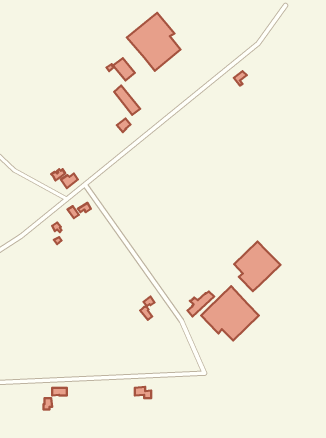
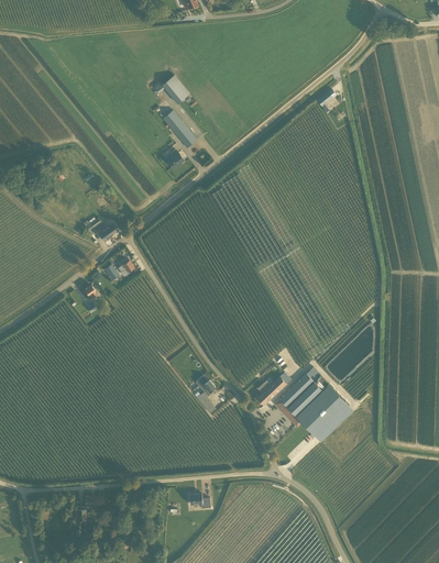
building: [127,13,181,71] -> none
building: [234,242,281,291] -> none

